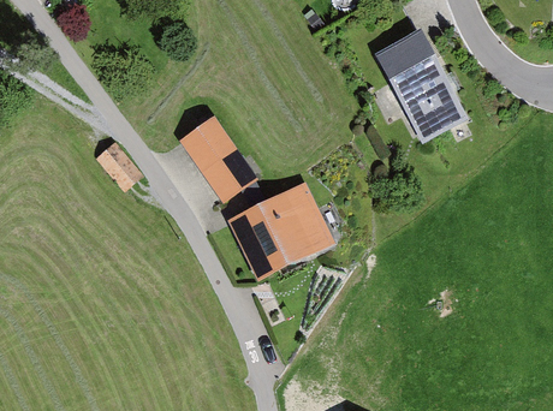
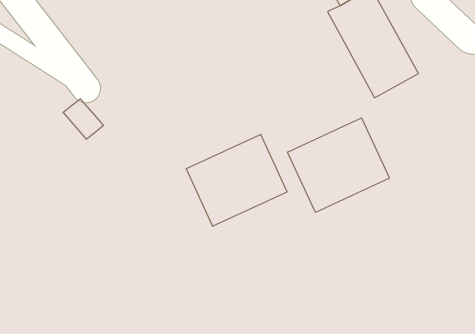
building: [178,115,257,202] -> none
building: none -> [288,118,389,212]

